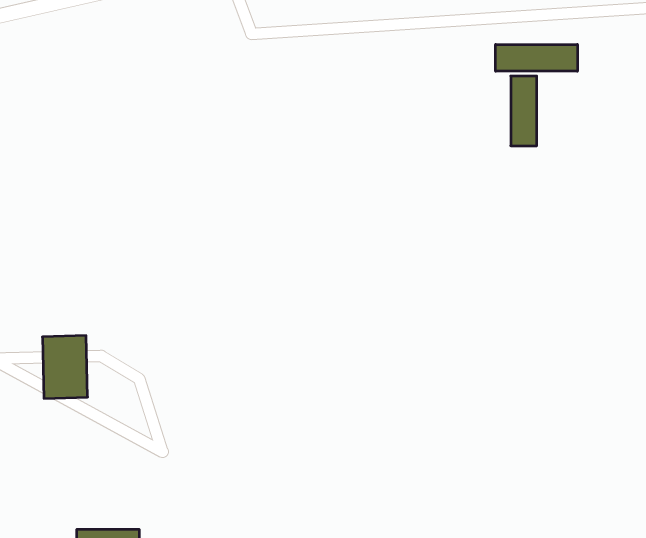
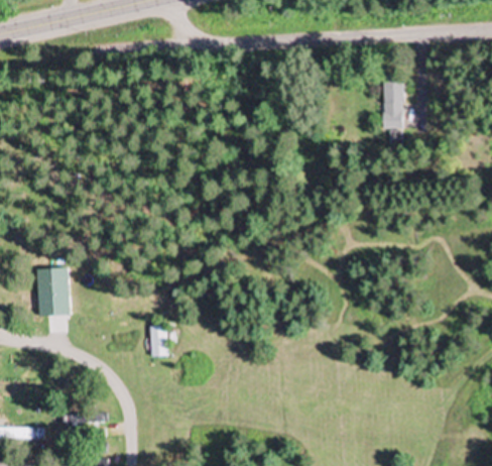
building: [496,44,577,71] -> none
building: none -> [151,326,167,358]

